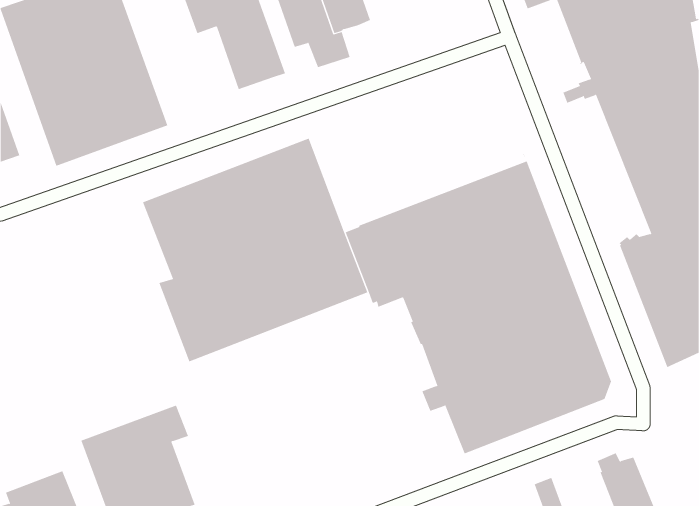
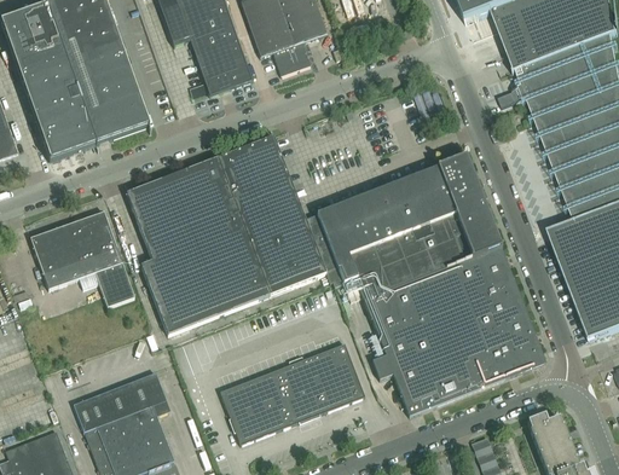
building: none -> [30,209,135,305]
building: none -> [220,341,364,441]

